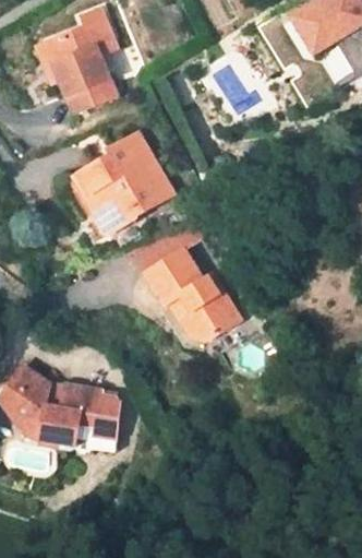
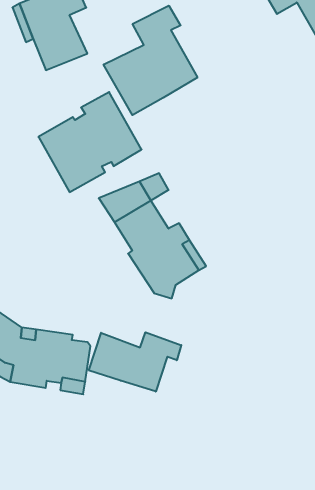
building: none -> [104,6,197,115]
building: none -> [89,332,181,392]

